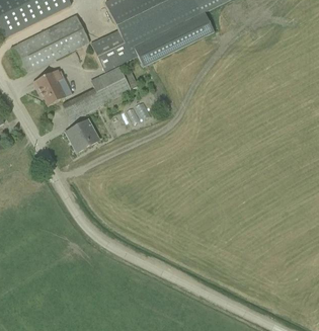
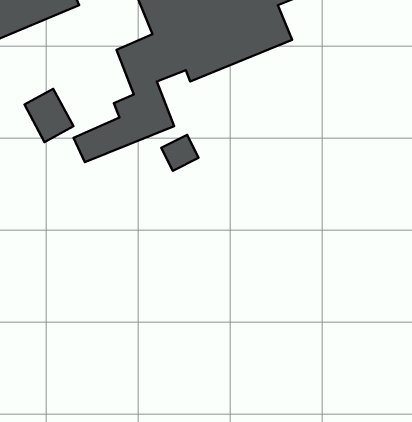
building: [18,14,91,69] -> none
building: [60,117,96,152] -> none

